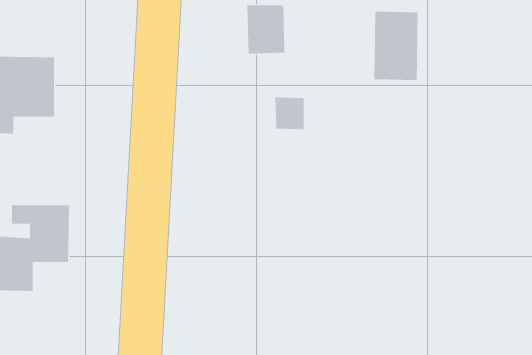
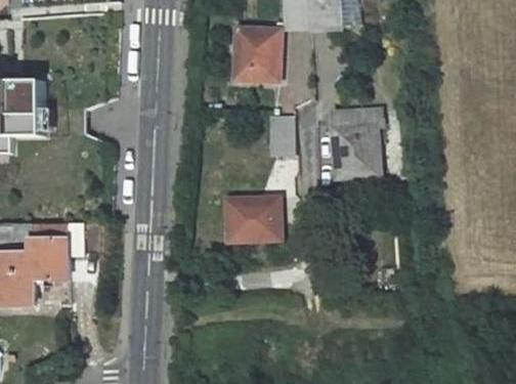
building: [373,11,418,81] -> [335,111,378,177]
building: none -> [228,196,280,239]

